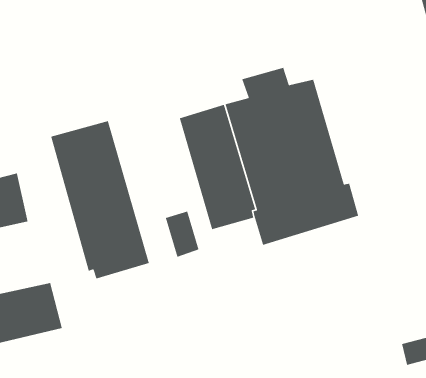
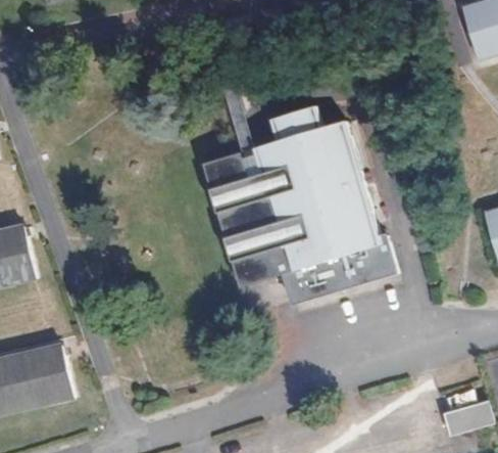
building: [50,120,150,279] -> none
building: [165,211,199,258] -> none

